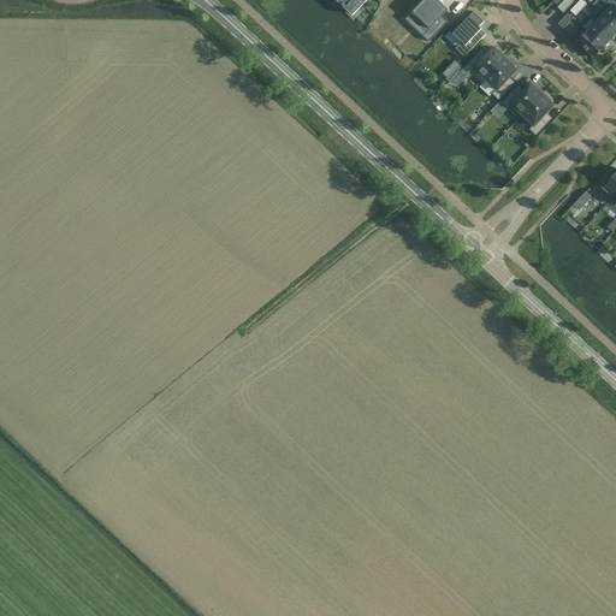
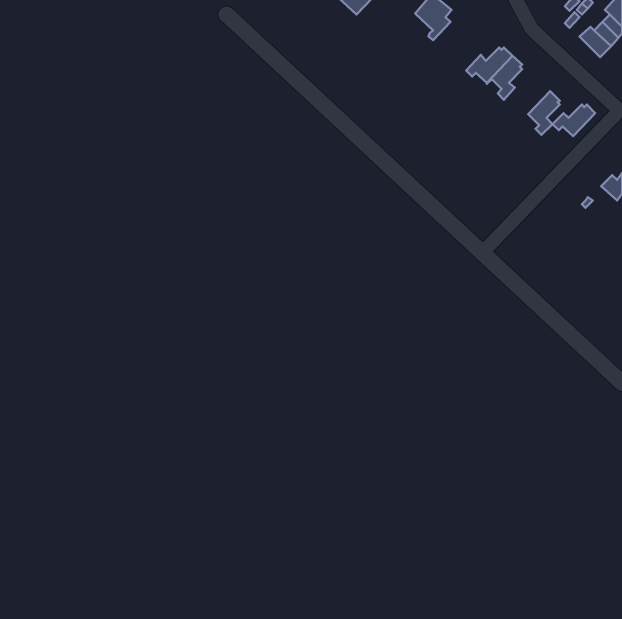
building: [450,10,484,54] -> none
building: [502,82,544,113] -> [553,105,595,136]

